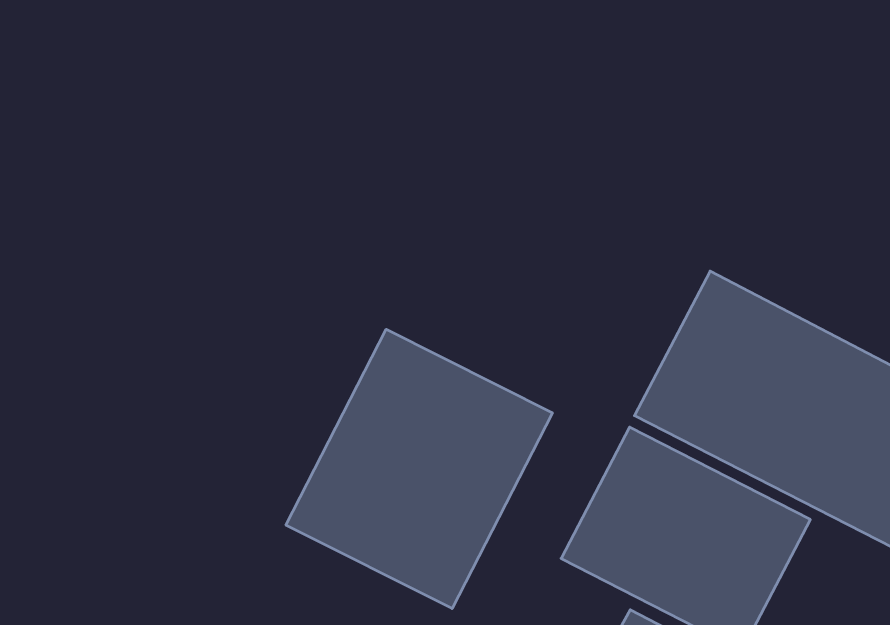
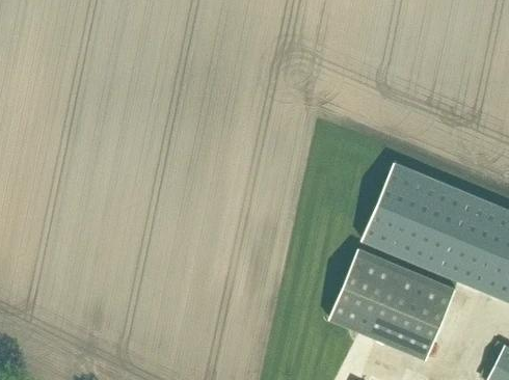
building: [286,329,552,609] -> none

